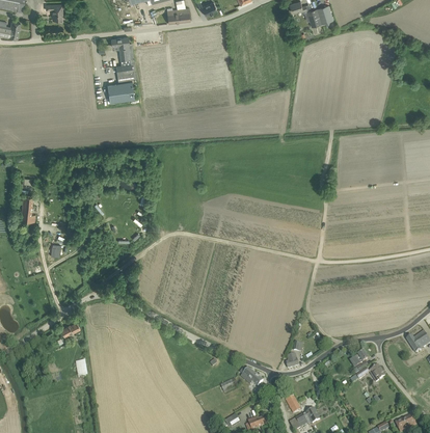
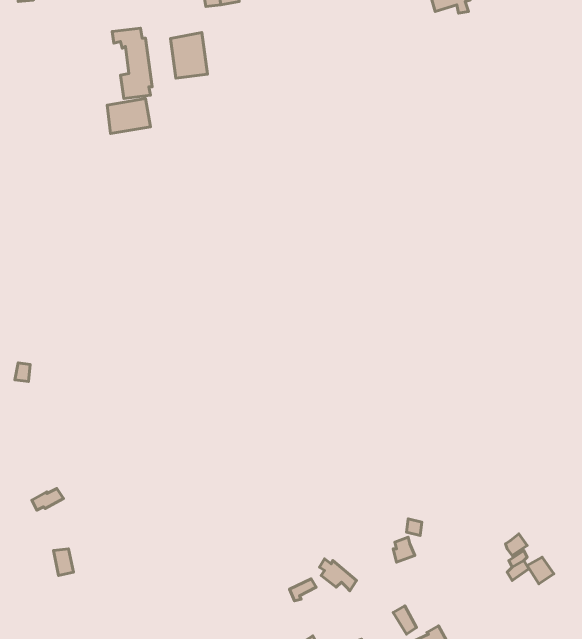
building: none -> [171,33,207,78]

